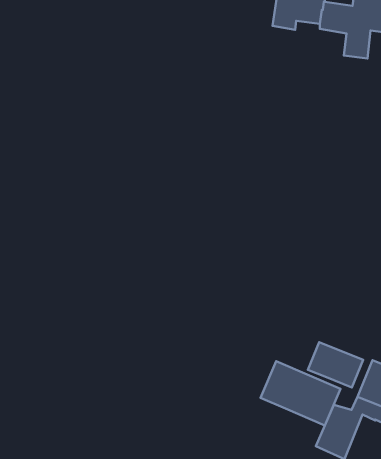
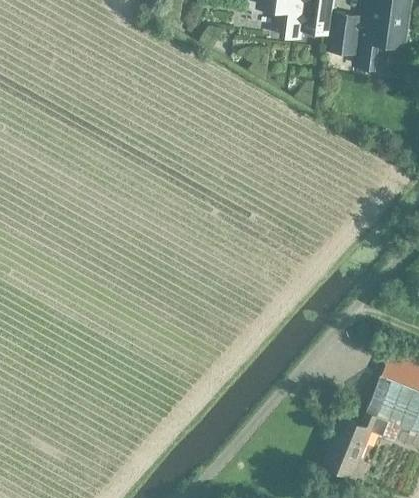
building: [308,342,363,388] -> none
building: [261,361,340,425] -> none

